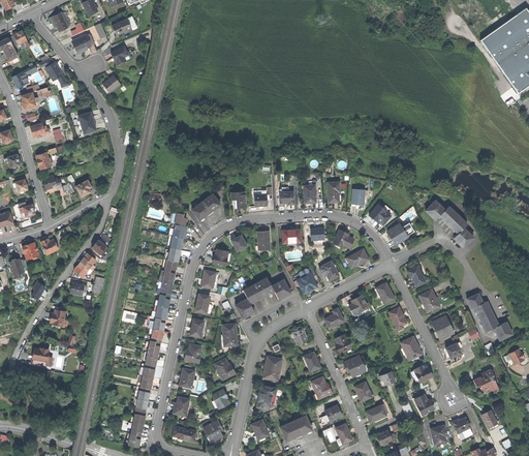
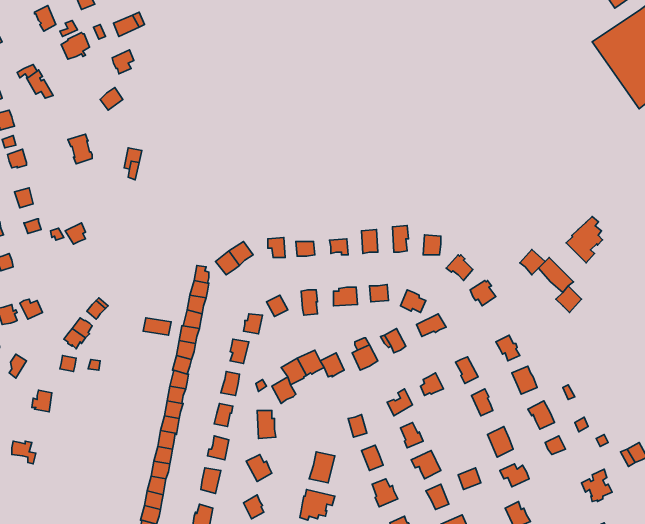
building: none -> [566,217,603,263]
building: [466,294,511,340] -> none

